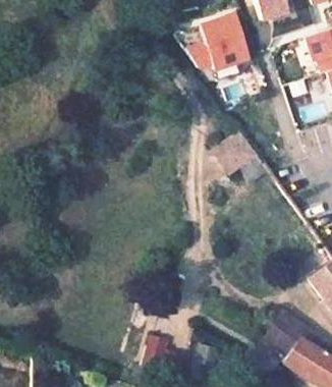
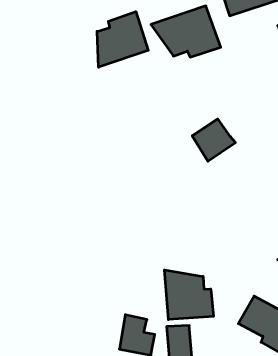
building: none -> [97,12,148,67]
building: none -> [164,270,213,320]

